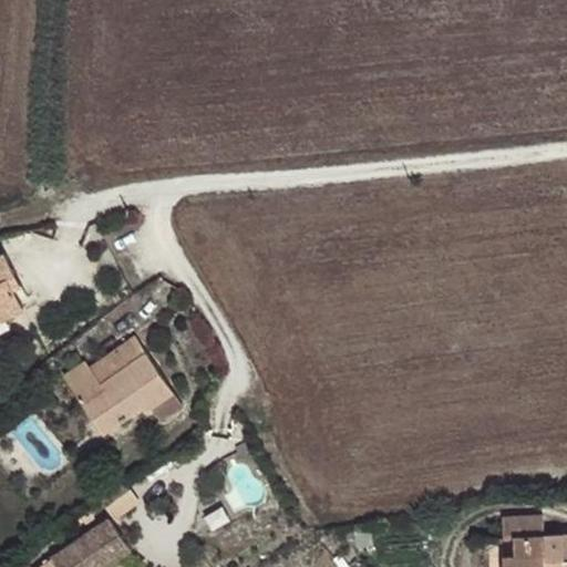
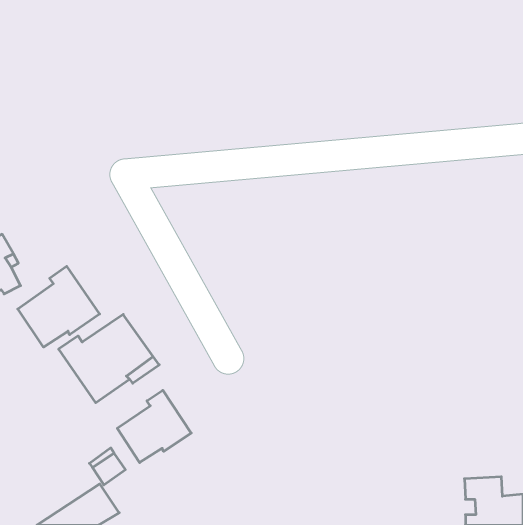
building: none -> [18,266,100,347]
building: none -> [117,390,191,463]

